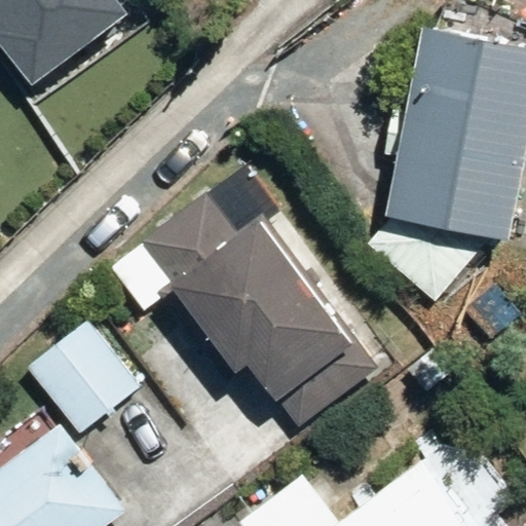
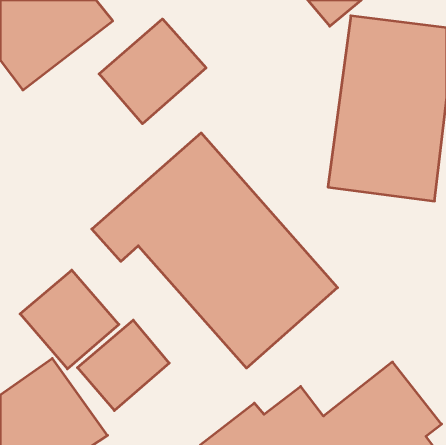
building: none -> [99,19,206,124]
building: none -> [77,320,169,411]

